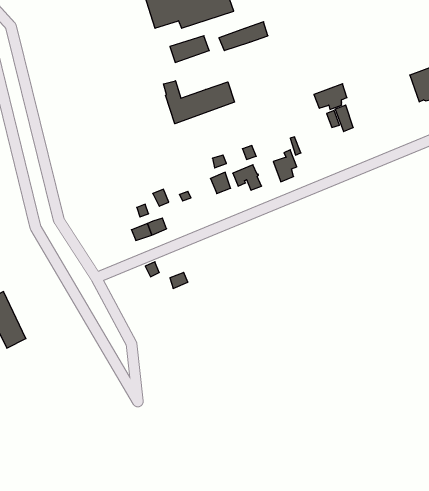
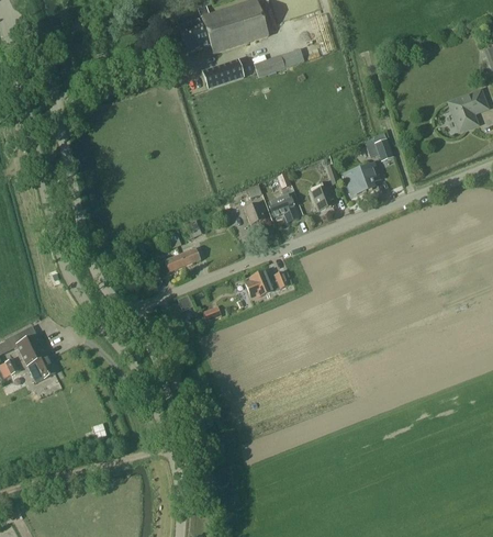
building: [163,81,235,124] -> none
building: [314,84,347,109] -> [343,164,377,190]
building: none -> [244,272,287,298]

